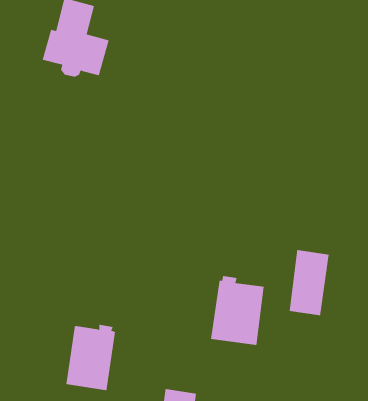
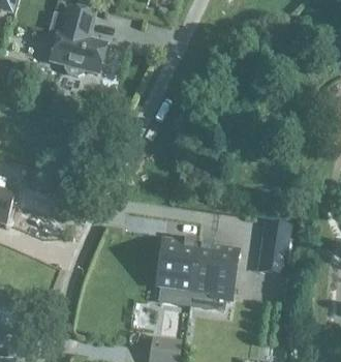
building: [65,324,116,391] -> [156,239,198,295]

